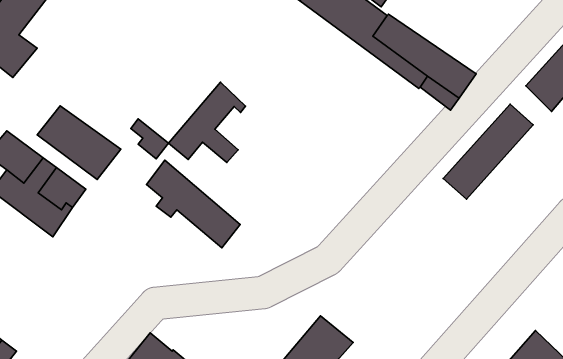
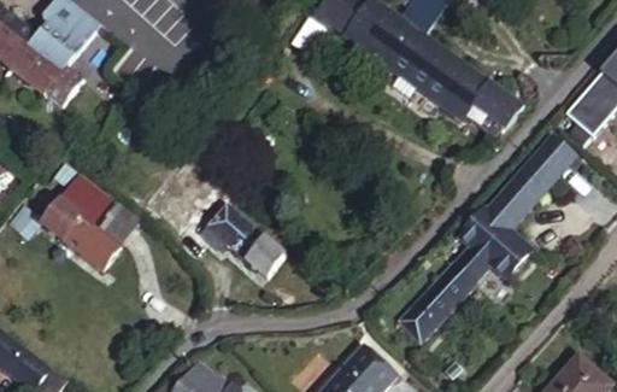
building: [168,82,246,163] -> none
building: [37,106,121,180] -> none
building: none -> [399,205,534,341]

